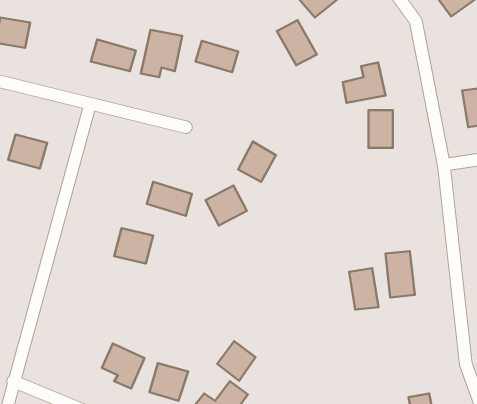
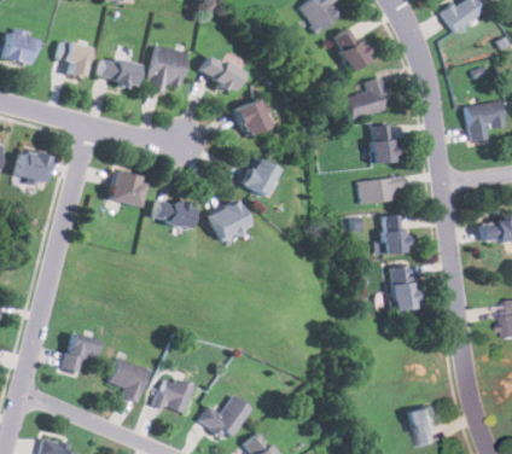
building: [277,20,317,65] -> [333,27,373,71]
building: none -> [57,41,91,77]
building: none -> [235,99,270,138]
building: none -> [357,177,403,203]
building: [114,228,153,263] -> [109,171,147,206]
building: [349,268,378,310] -> [380,214,409,255]
building: none -> [62,333,100,374]
building: [217,341,256,381] -> none

